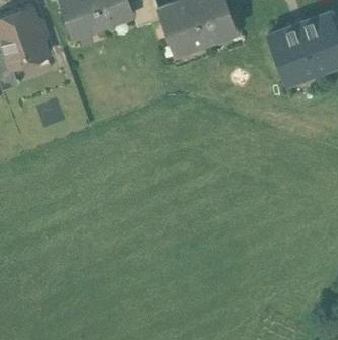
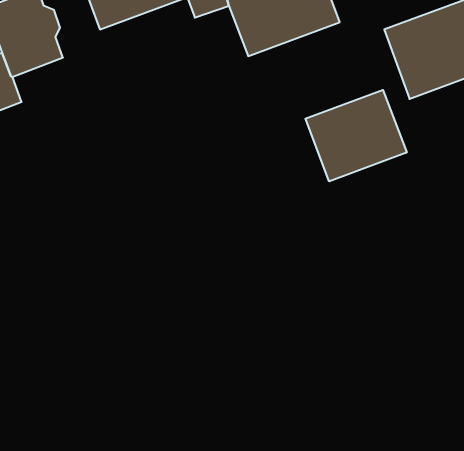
building: none -> [305,90,407,181]

